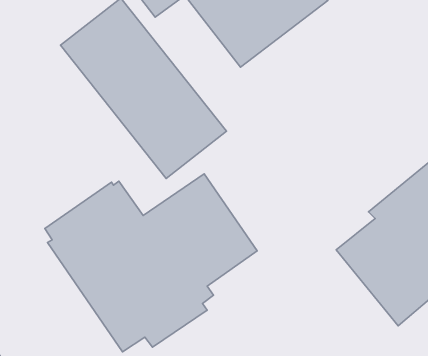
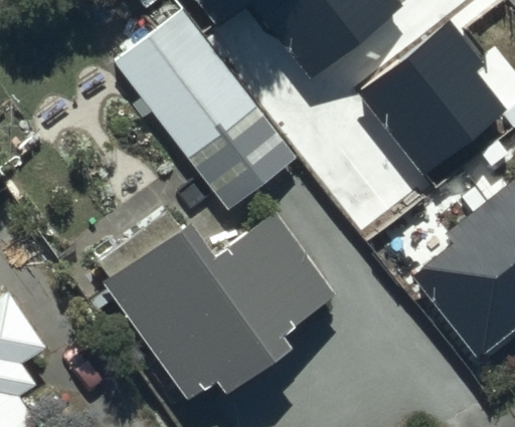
building: none -> [362,30,507,181]

